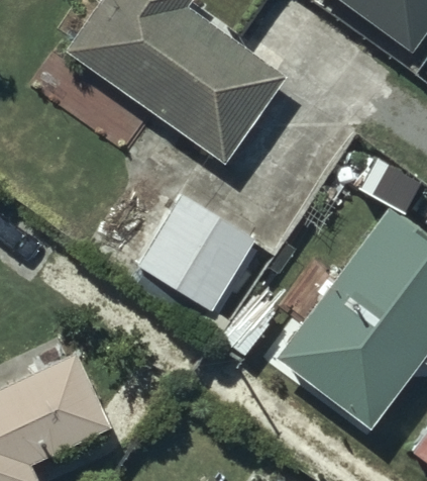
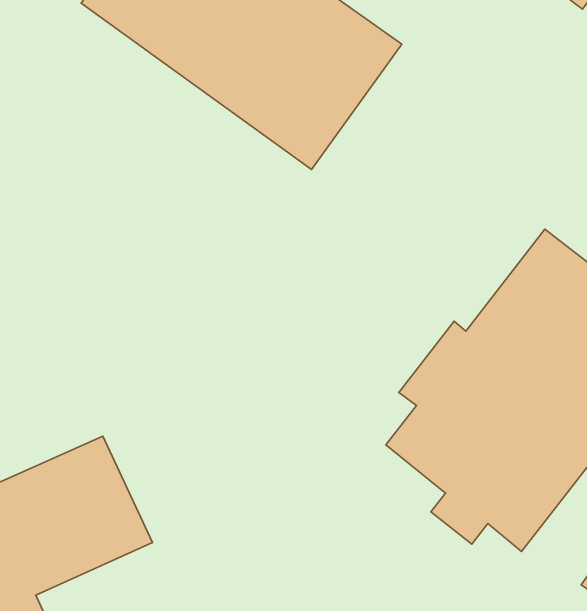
building: [136,192,256,313] -> none

